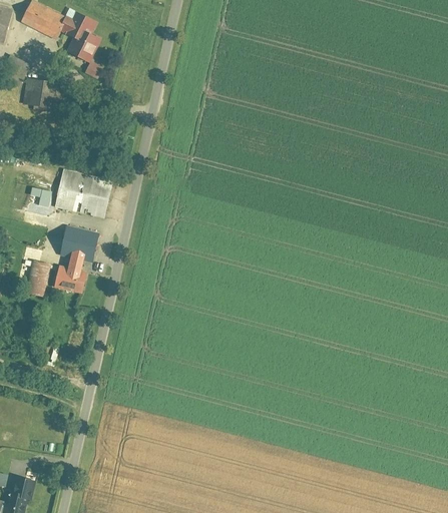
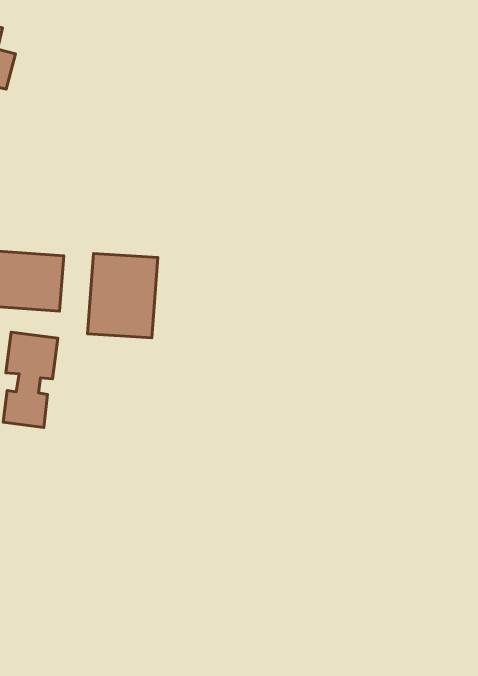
building: none -> [88,254,158,338]

